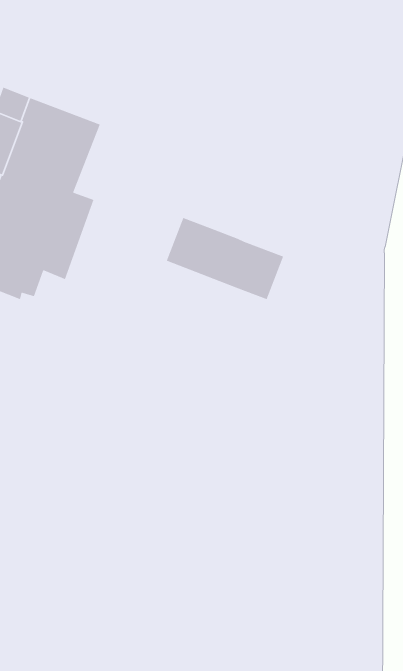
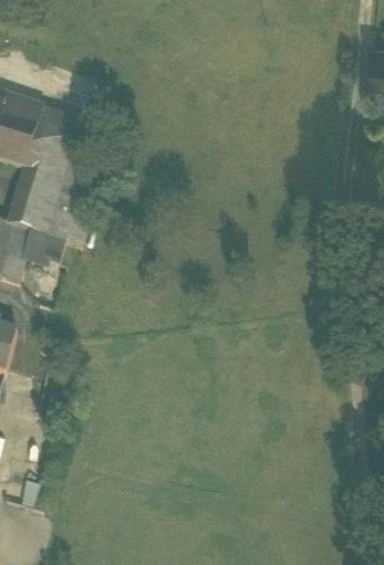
building: [166,217,284,300] -> none

